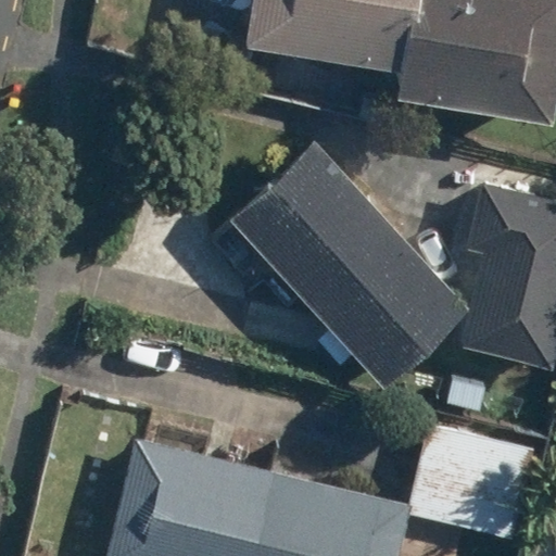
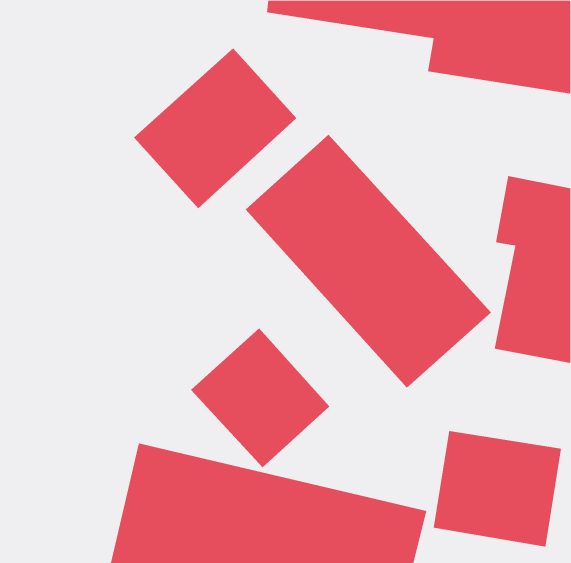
building: none -> [133,47,297,209]
building: none -> [190,328,330,468]

